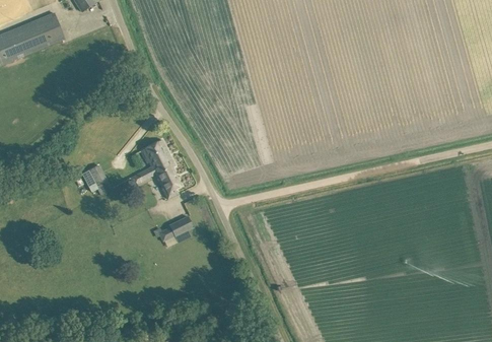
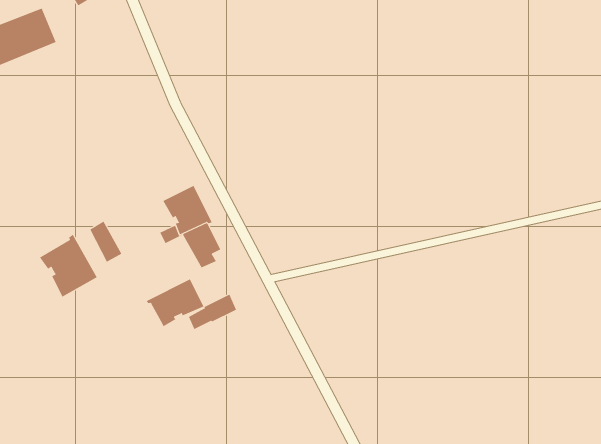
building: none -> [39,234,98,298]
building: none -> [146,279,204,327]

